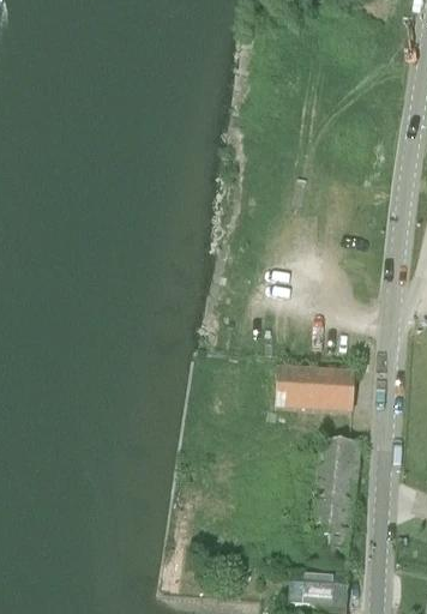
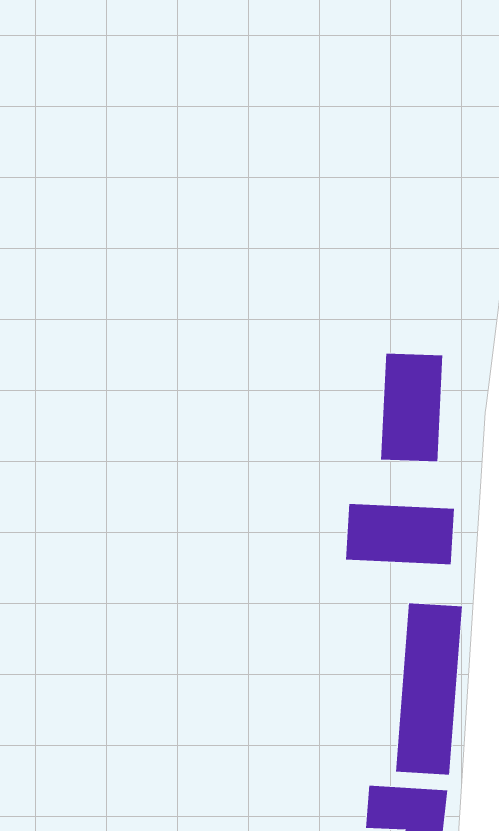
building: none -> [381,353,443,462]

